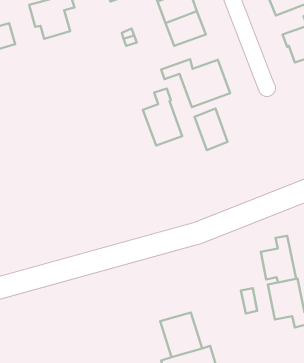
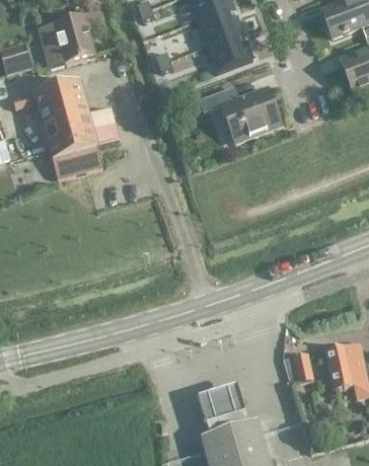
building: none -> [33,80,118,178]
building: [143,89,182,146] -> none
building: [195,108,227,150] -> none
building: [261,236,296,282] -> none

